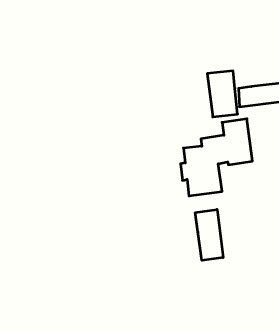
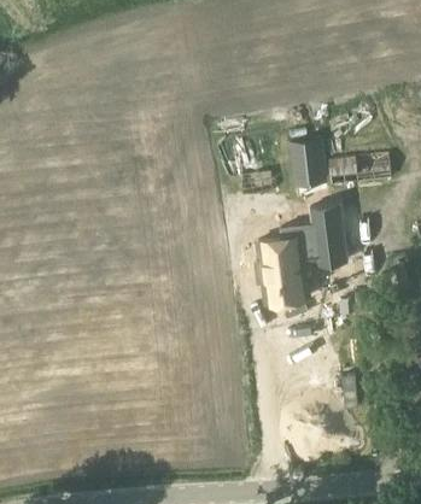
building: [195,209,223,260] -> none

